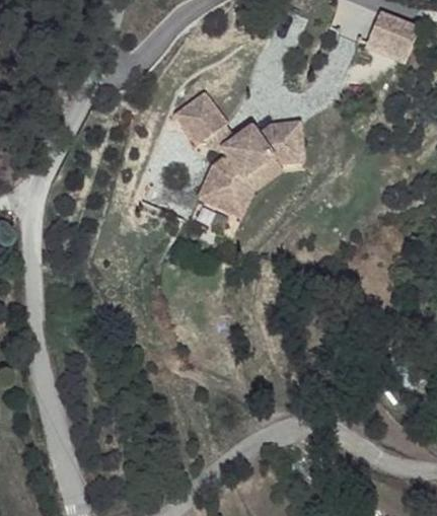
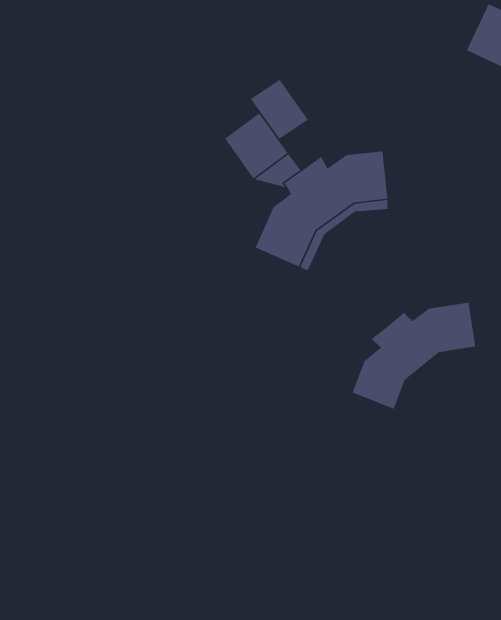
building: none -> [250,79,309,140]
building: none -> [352,302,476,410]

